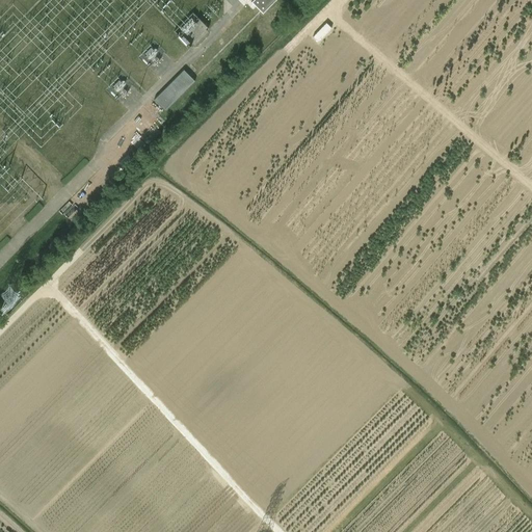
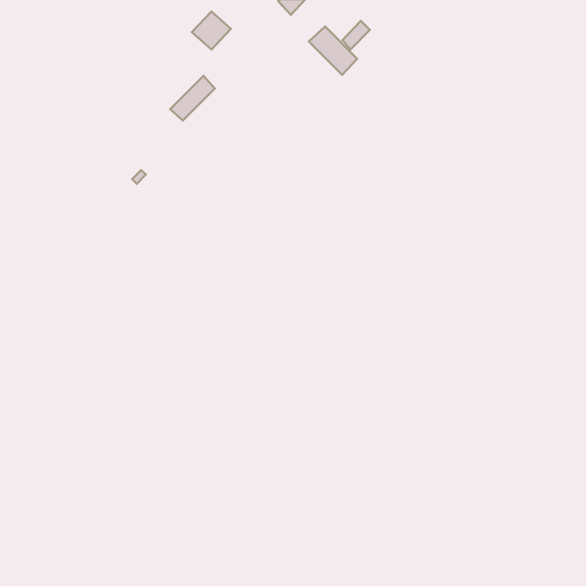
building: none -> [309,27,357,75]

